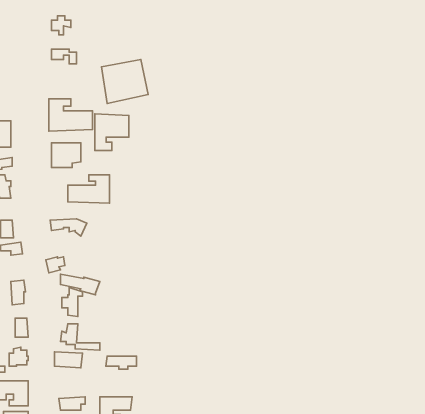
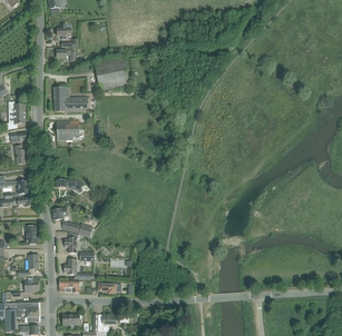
building: [95,114,129,150] -> none
building: [68,175,109,203] -> none

